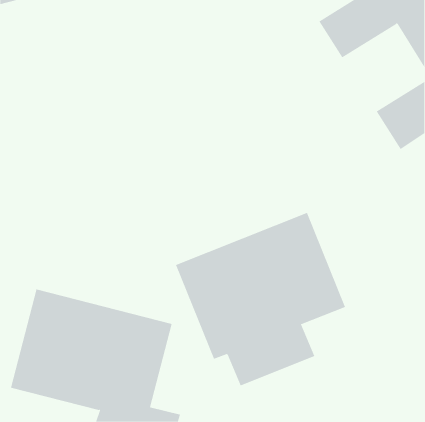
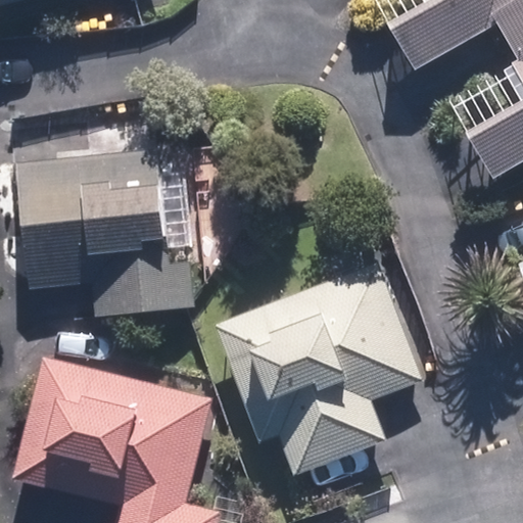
building: none -> [17,148,195,316]

